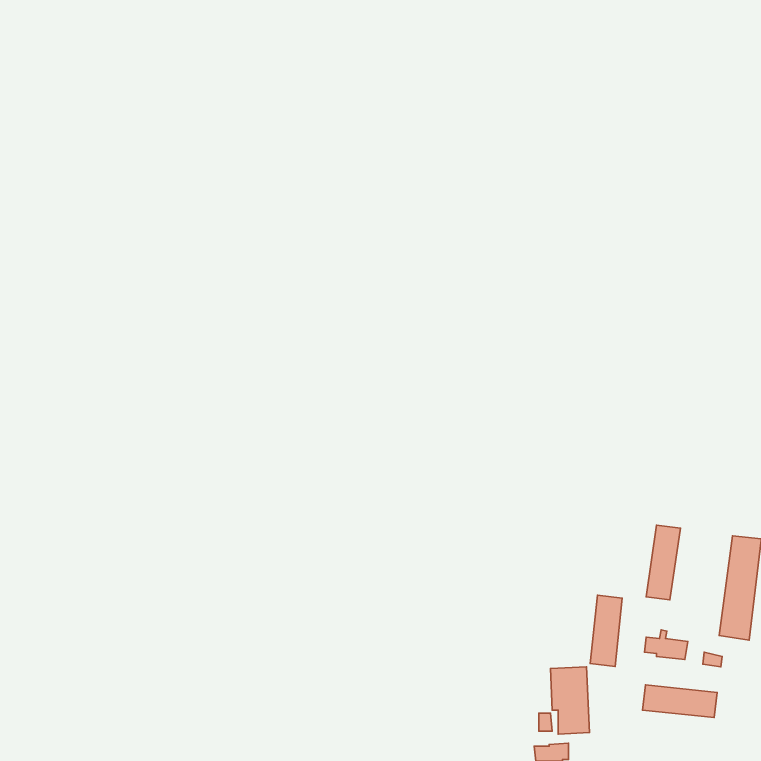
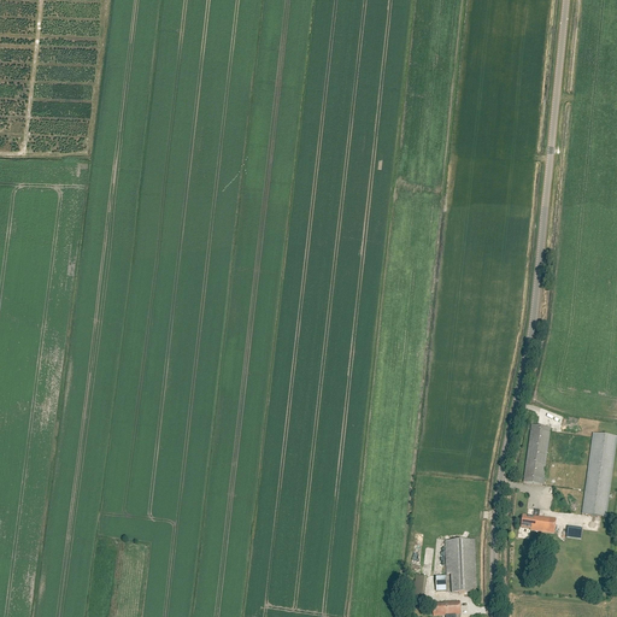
building: [590,595,622,667] -> none
building: [642,685,717,718] -> none

